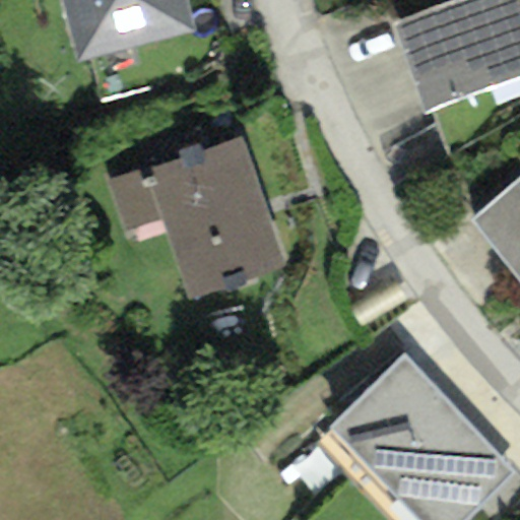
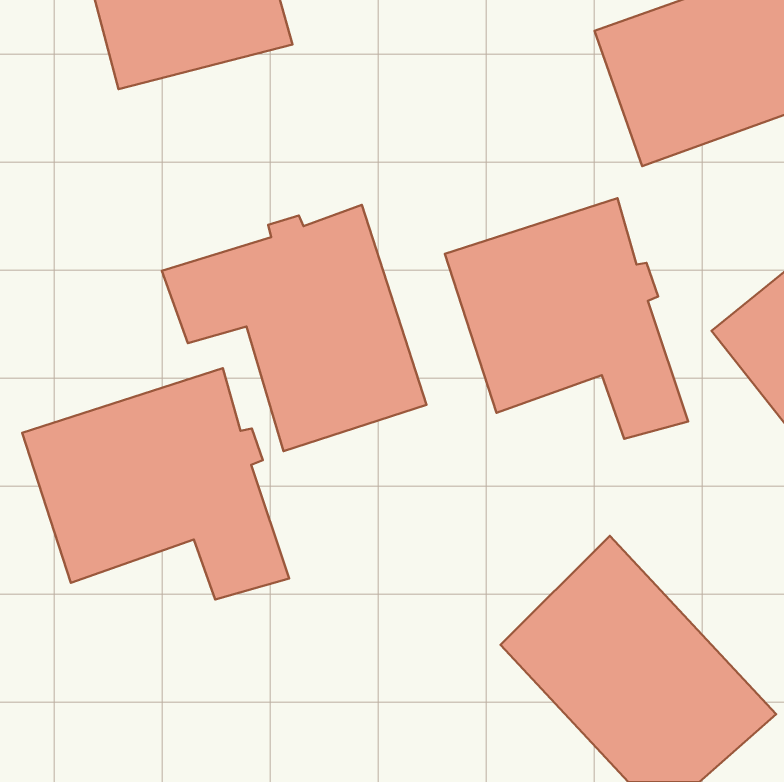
building: none -> [445,198,688,439]
building: none -> [22,368,289,600]

